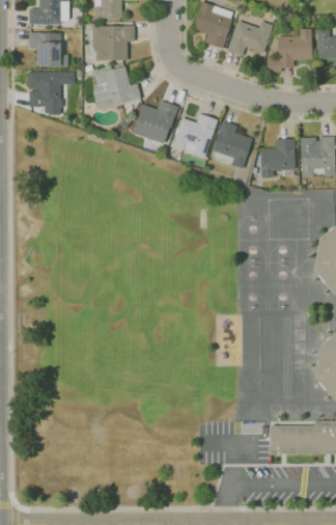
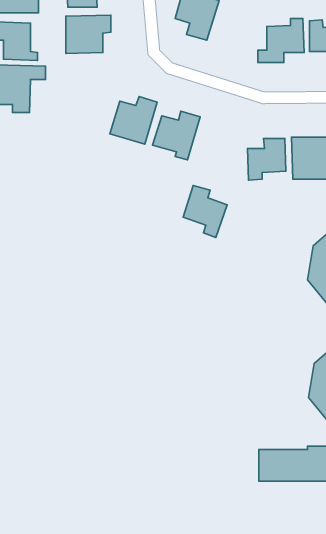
building: [227,21,273,56] -> none
building: [91,65,141,109] -> none
building: [213,121,253,169] -> [183,185,227,237]

